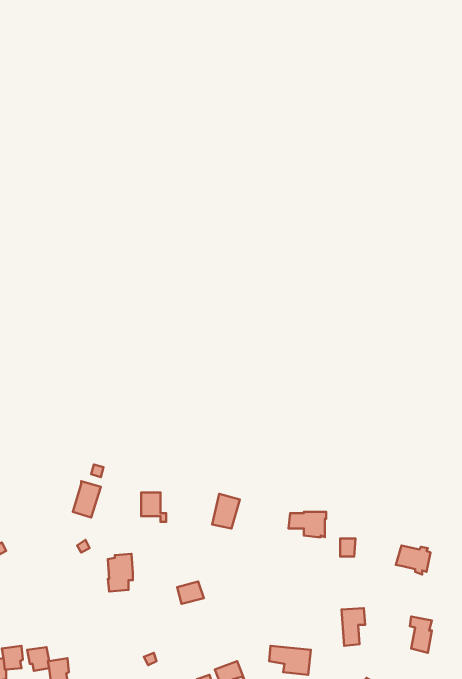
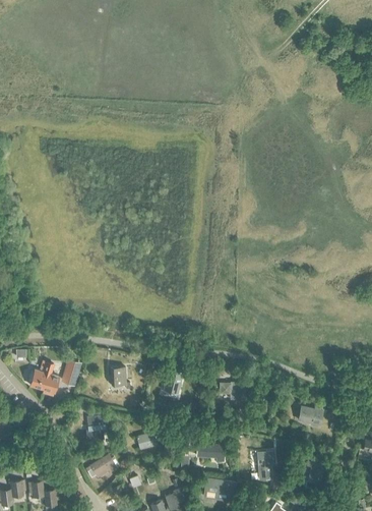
building: none -> [28,362,58,393]
building: none -> [196,442,225,461]
building: none -> [85,454,118,478]

